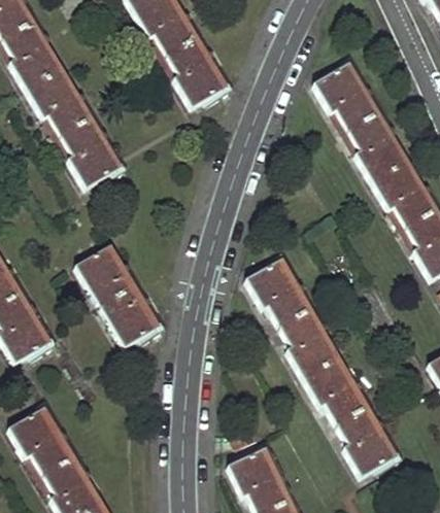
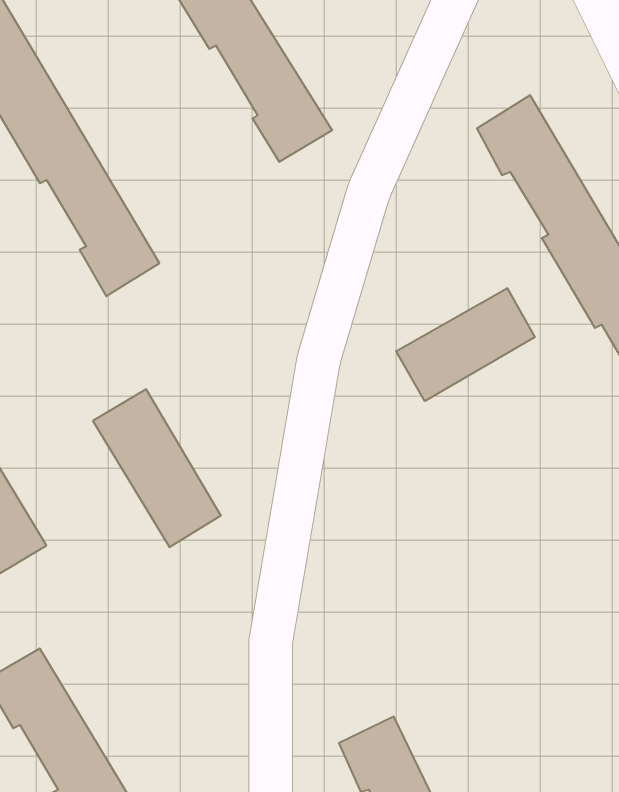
building: none -> [396,288,535,401]
building: [248,260,394,475] -> none

